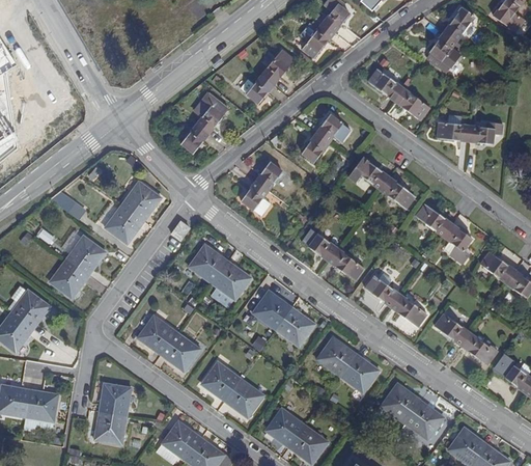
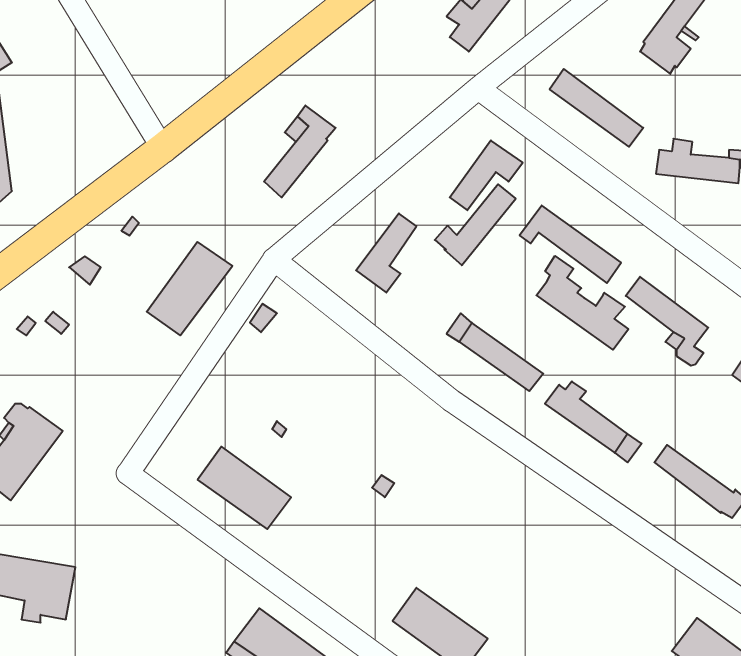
building: [241,50,294,103] -> [435,184,516,265]
building: none -> [536,256,628,350]
building: [50,236,105,297] -> none
building: [189,245,250,306] -> none
building: [253,290,314,346] -> none
building: [317,336,379,391] -> none
building: [201,361,263,416] -> none
building: [95,383,131,443] -> none
building: [382,384,443,439] -> none

